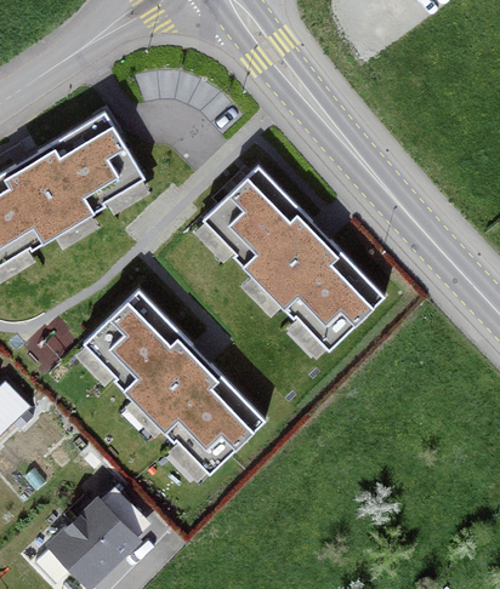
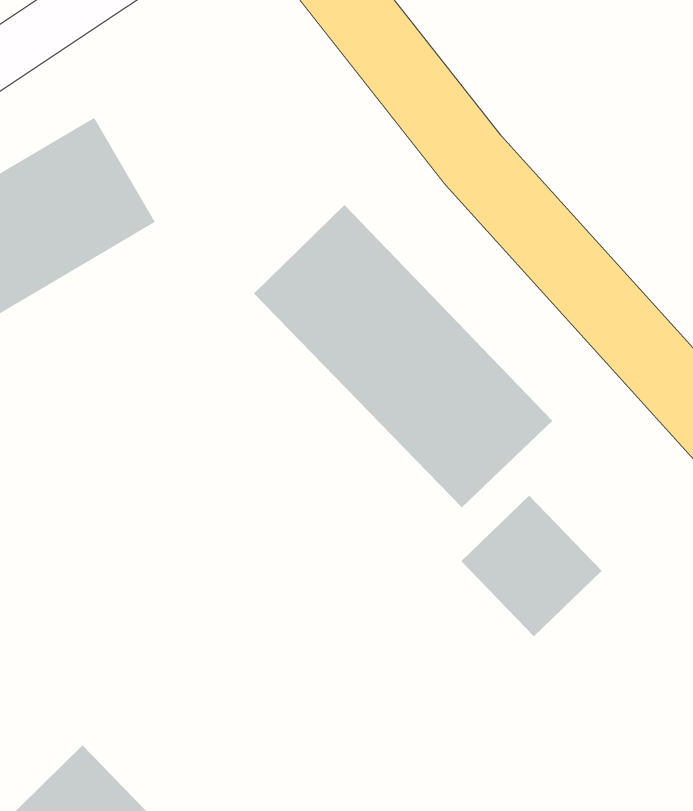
building: [83,291,266,474] -> none
building: none -> [461,495,602,637]

